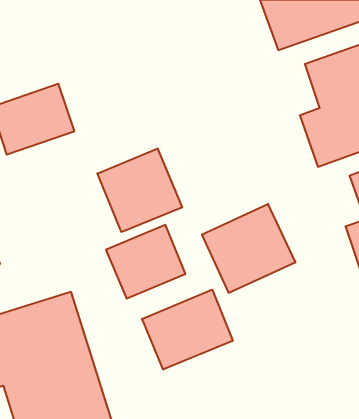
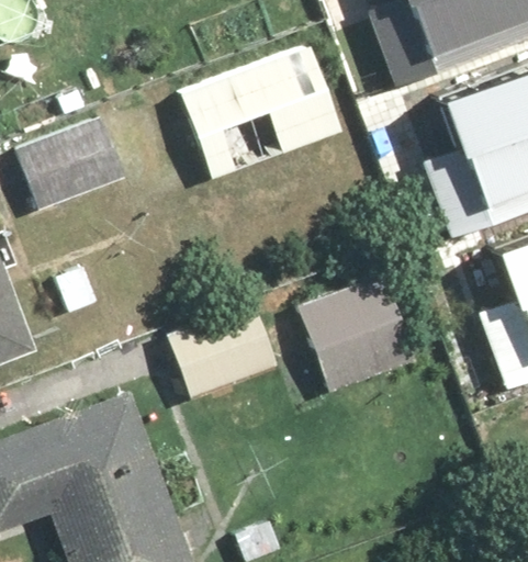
building: none -> [165,49,323,184]
building: [97,148,182,232] -> none
building: [142,290,233,370] -> none

